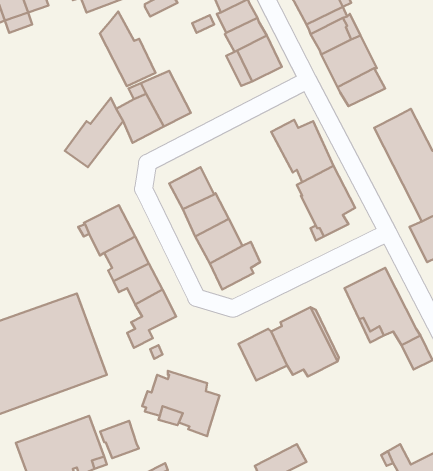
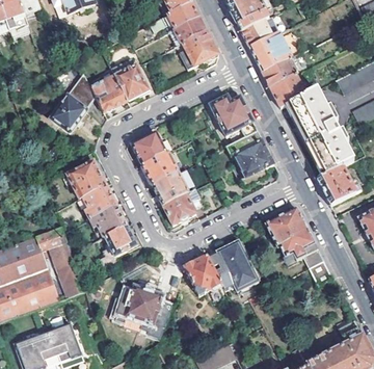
building: [100,11,155,86] -> none
building: none -> [269,72,305,105]
building: [100,421,139,458] -> none

